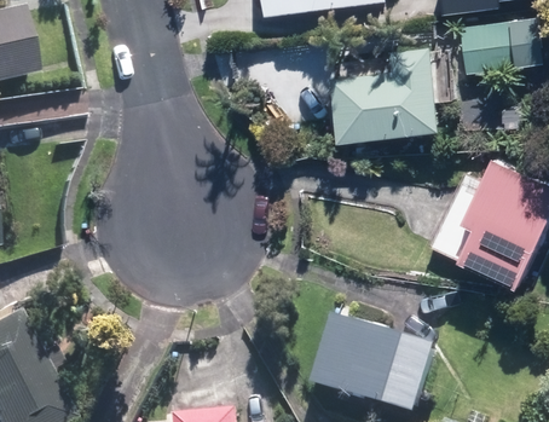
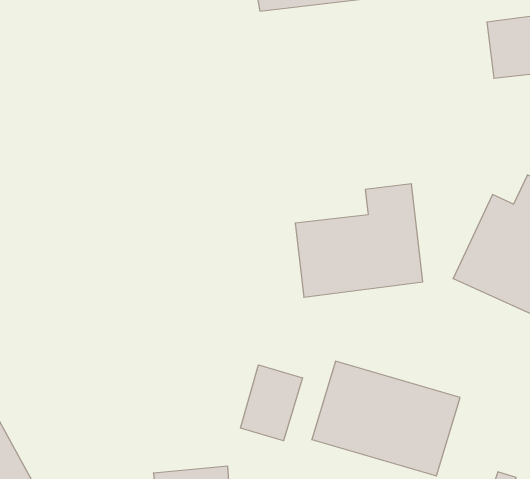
building: [330,44,440,141] -> [295,184,423,297]
building: none -> [241,365,303,441]

